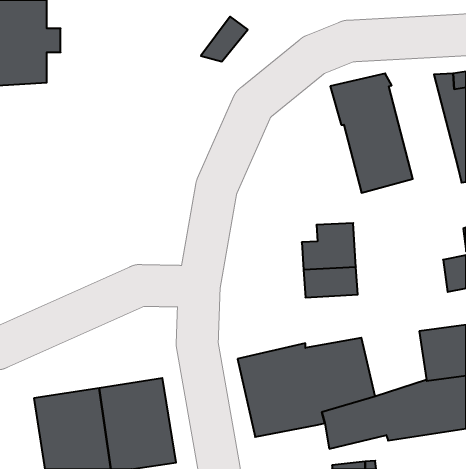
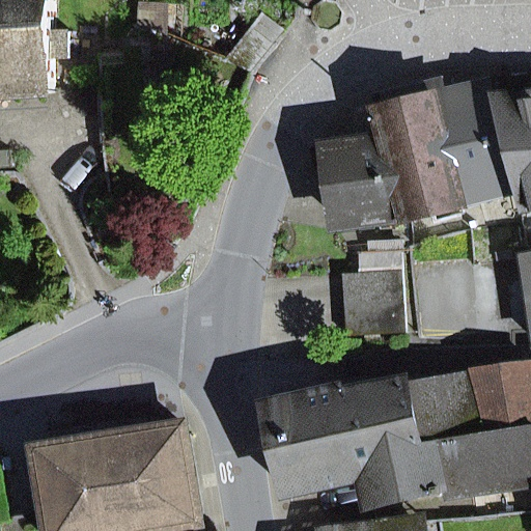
building: none -> [440,84,518,202]
building: none -> [315,141,409,224]
building: none -> [409,374,482,448]

